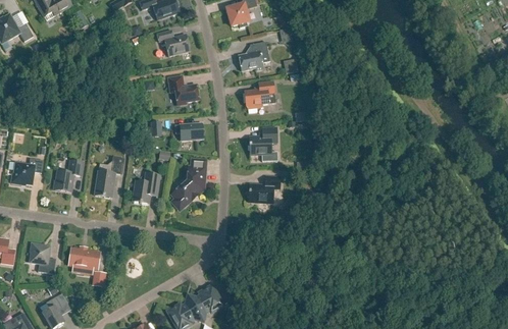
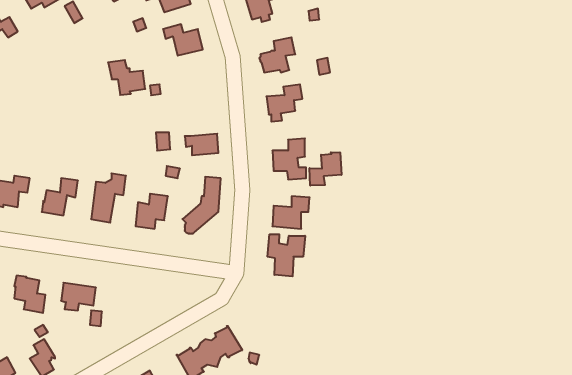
building: [167,75,199,105] -> [108,60,145,95]
building: none -> [310,152,341,186]
building: none -> [268,234,305,276]

